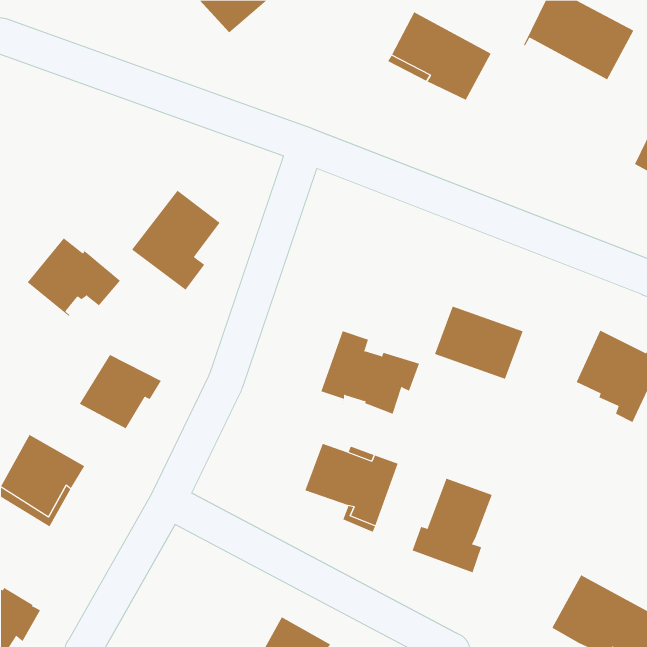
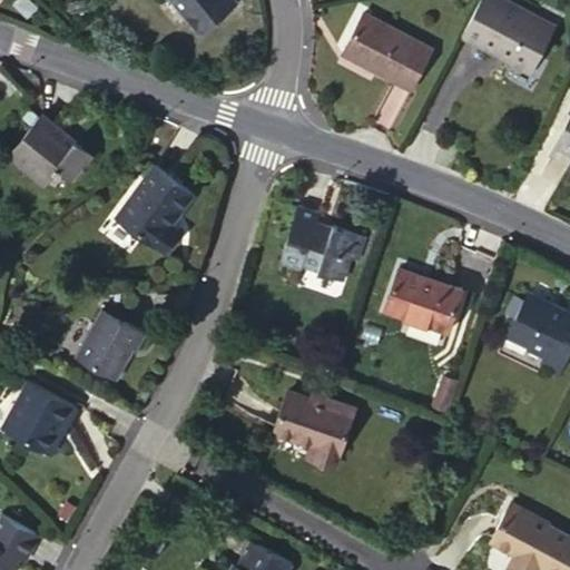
building: [27,237,121,316] -> [11,115,94,184]
building: [320,330,420,415] -> [278,207,365,281]
building: [412,478,493,573] -> none

